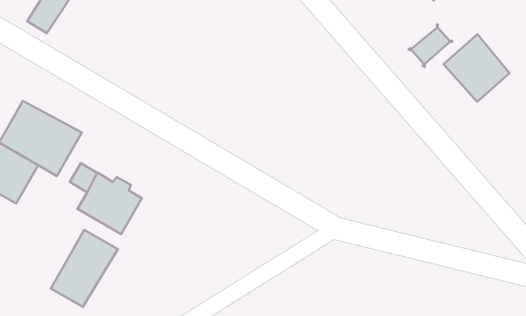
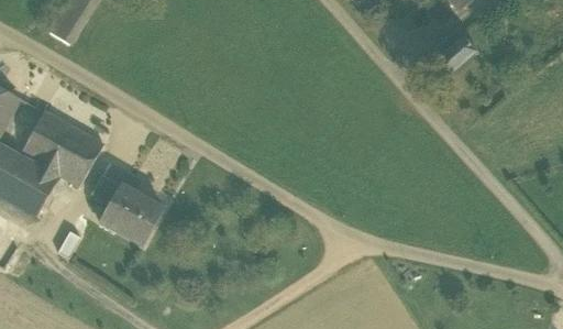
building: [443,34,510,102] -> none
building: [51,230,118,307] -> none

